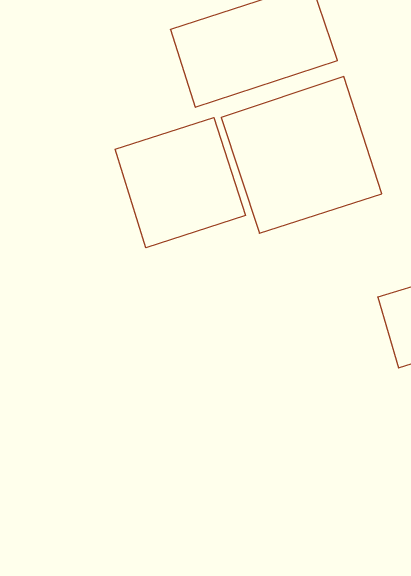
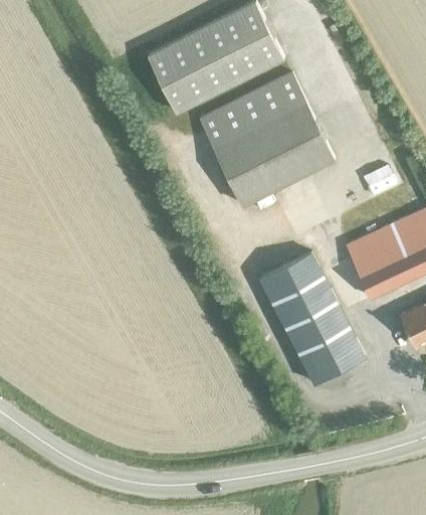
building: [115,118,246,248] -> none
building: none -> [260,253,365,384]

